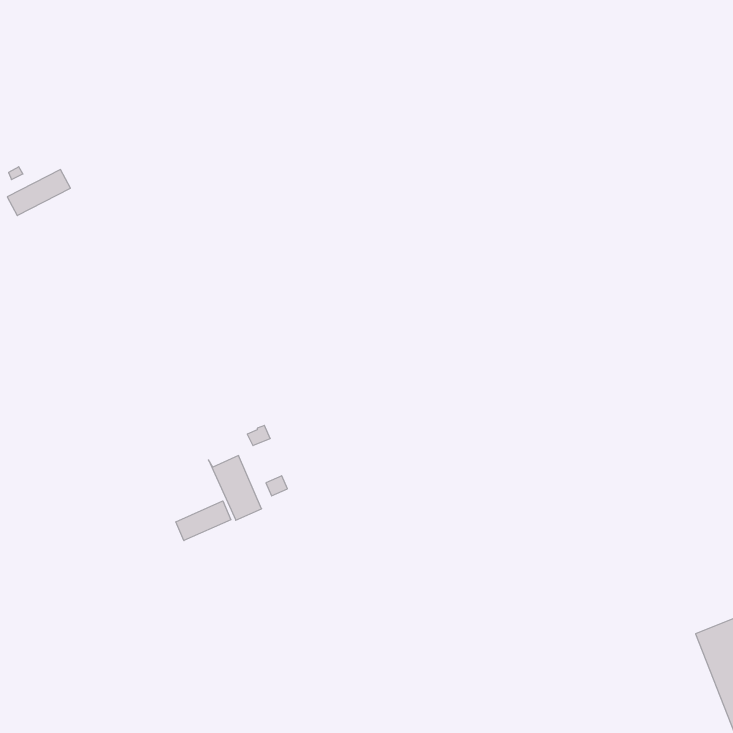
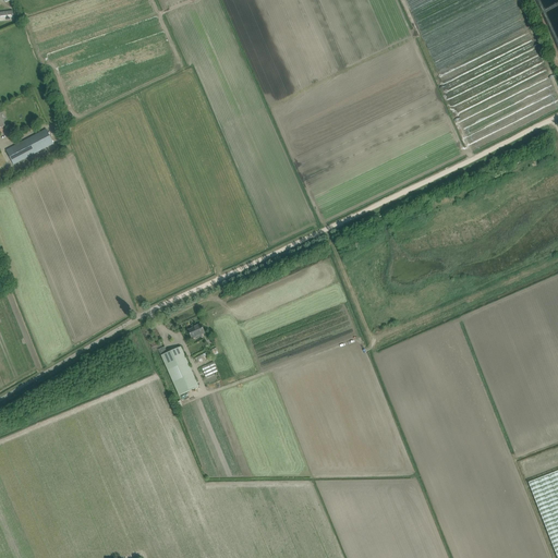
building: [176,501,231,541] -> none

